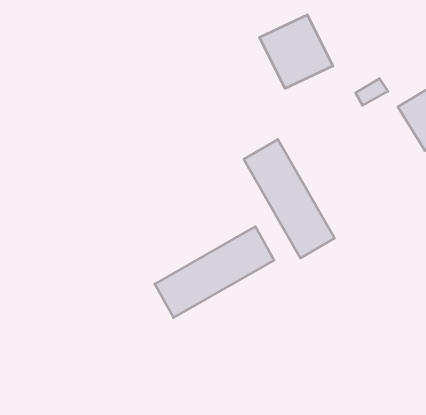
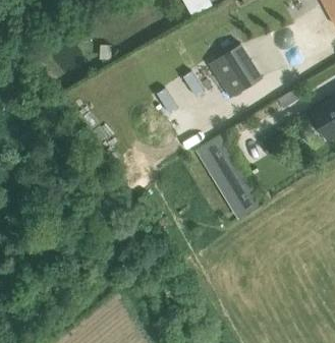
building: [155,227,274,318] -> none

